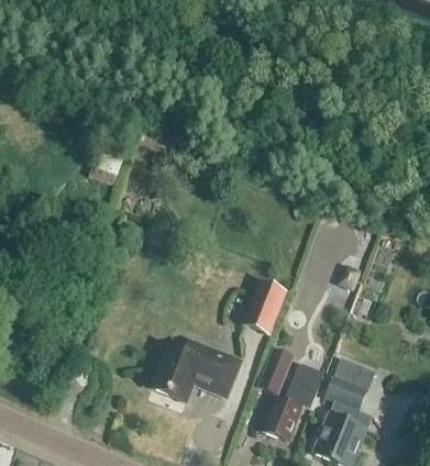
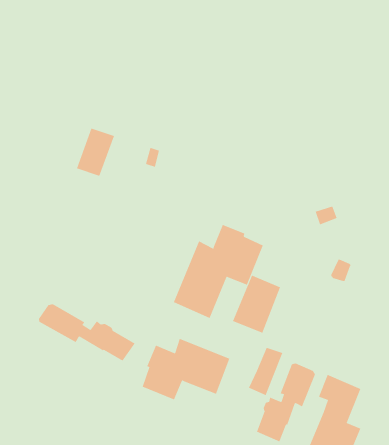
building: none -> [173,224,263,319]
building: none -> [38,303,136,361]
building: [334,358,375,389] -> none

